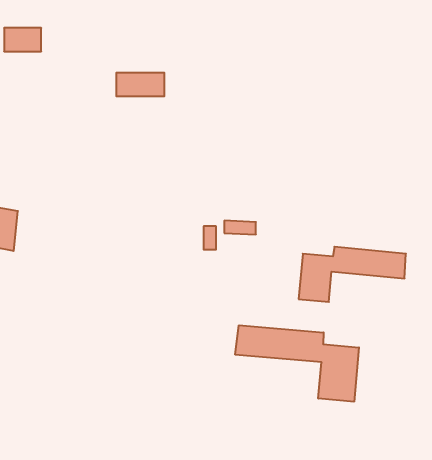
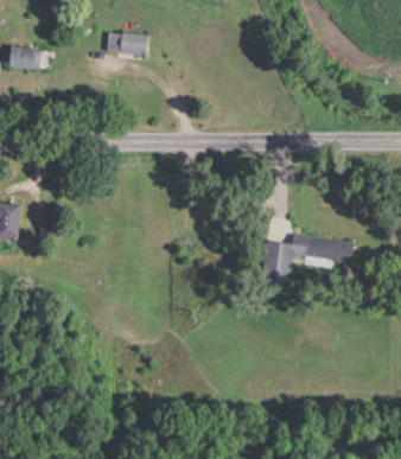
building: [116,73,164,96] -> [106,33,147,53]
building: [235,325,359,402] -> none

